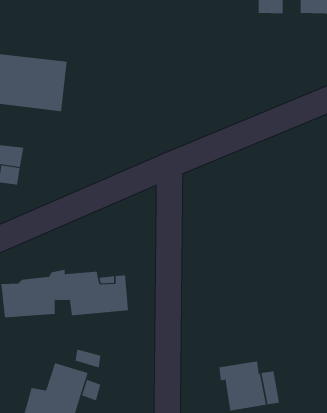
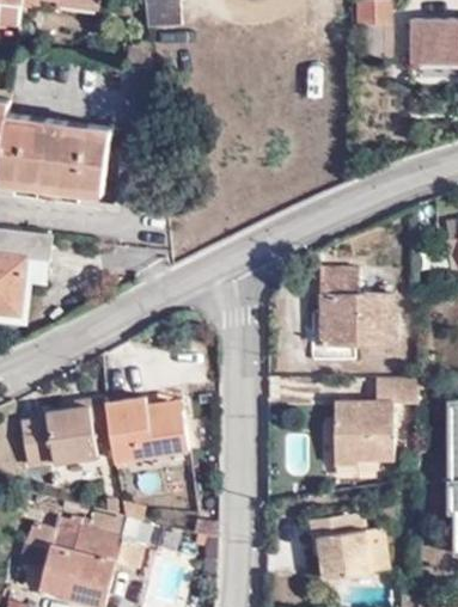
building: none -> [320,274,392,349]
building: none -> [335,382,419,470]
building: none -> [33,513,92,570]

